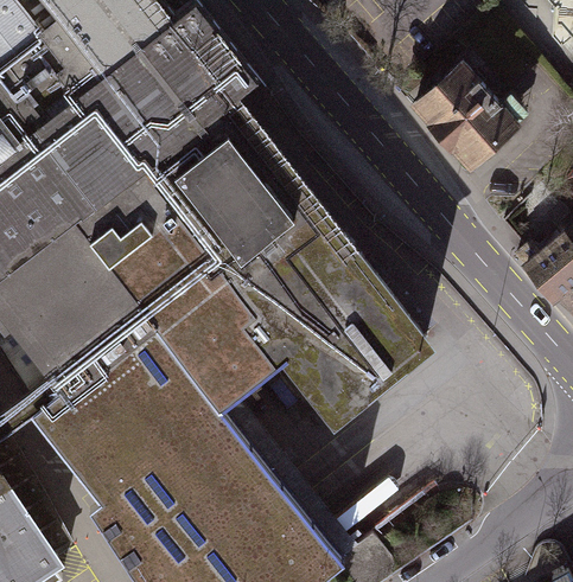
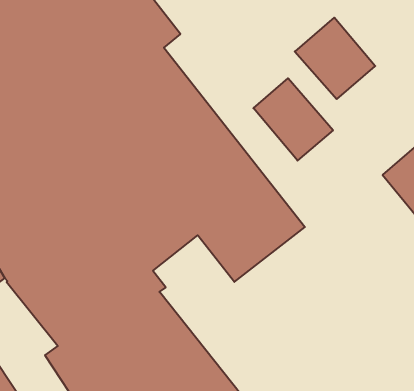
building: none -> [253,78,333,161]

